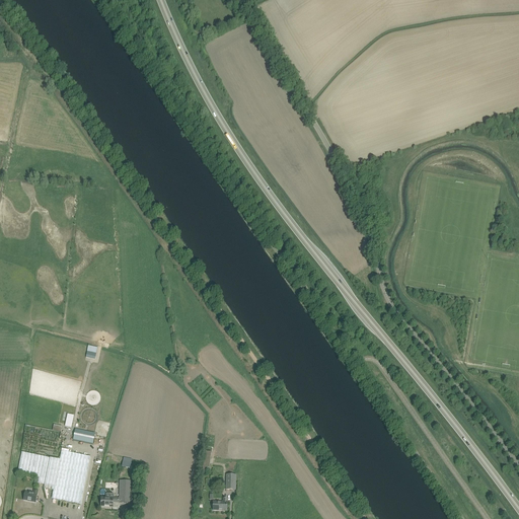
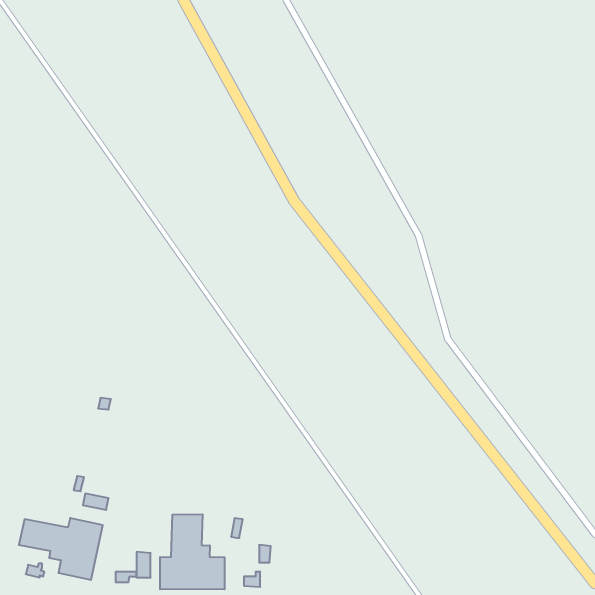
building: none -> [160,514,225,589]

